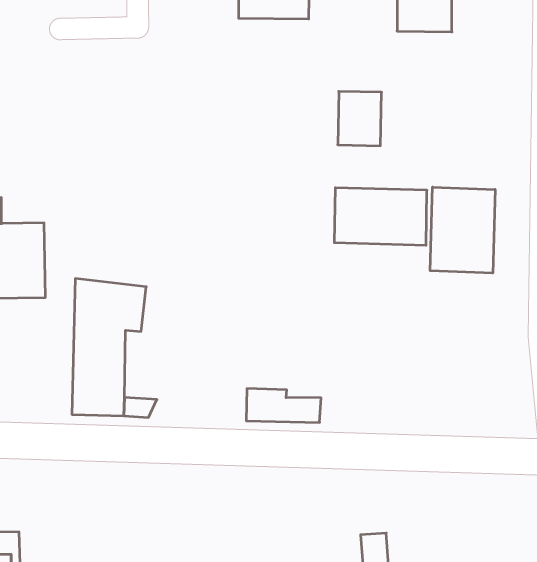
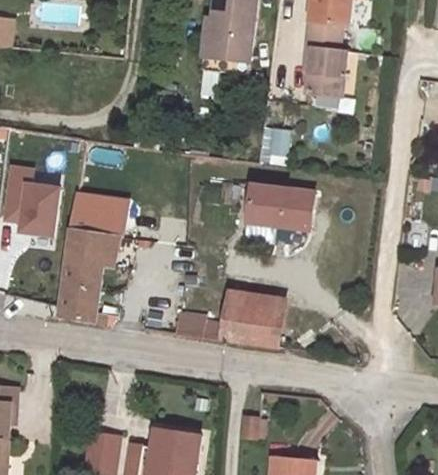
building: [430,187,495,273] -> none
building: none -> [74,192,128,237]
building: none -> [223,300,284,348]

